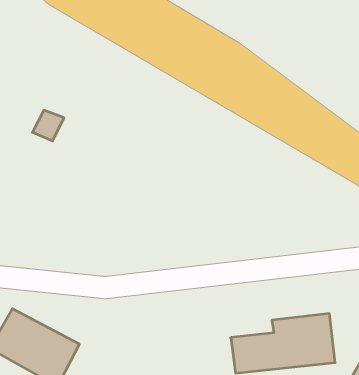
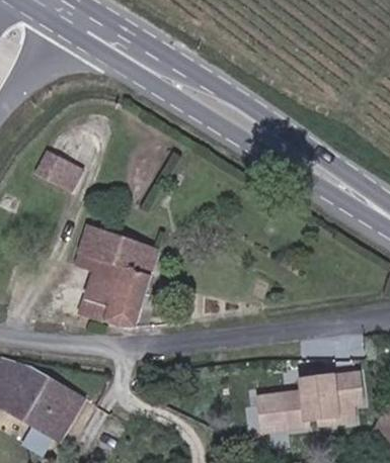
building: none -> [72,227,158,329]

